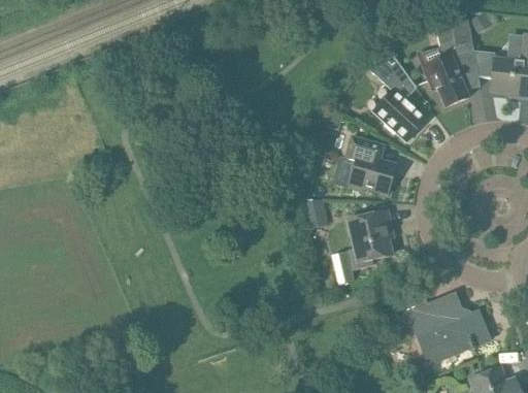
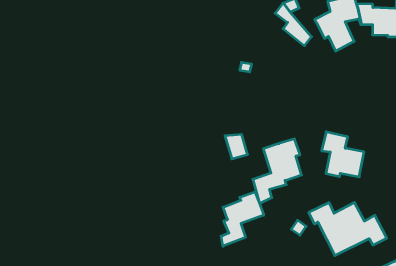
building: [372,89,426,140] -> none
building: [344,135,396,193] -> [322,132,364,177]
building: none -> [221,192,264,246]

